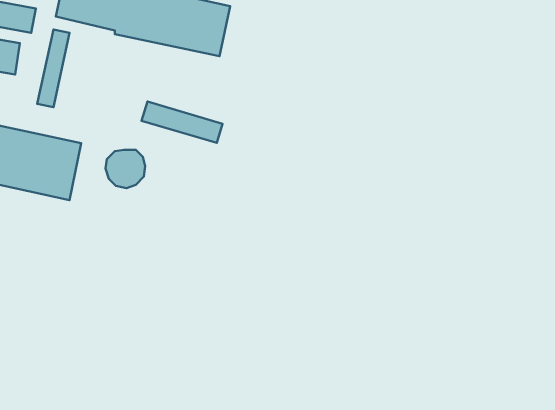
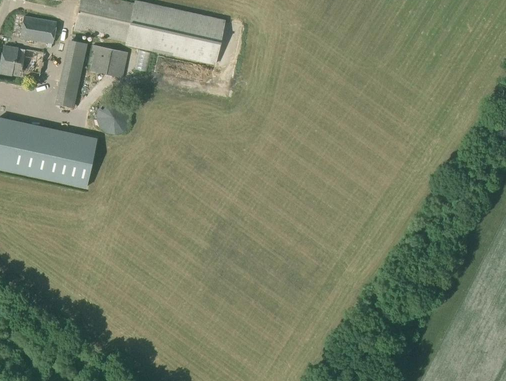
building: none -> [91,45,127,77]
building: [142,102,222,143] -> none
building: [106,150,145,188] -> [96,101,130,134]

